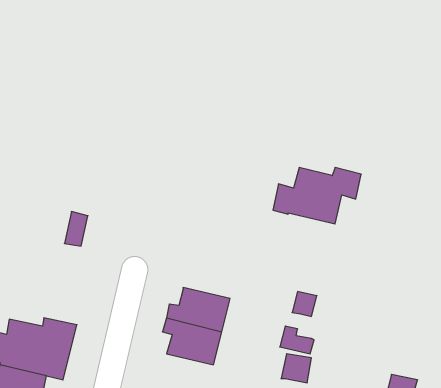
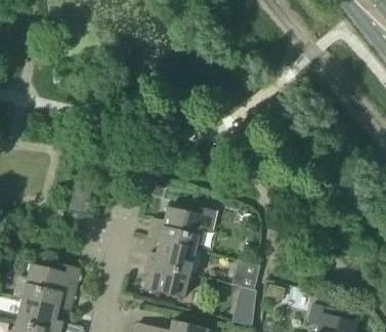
building: [273,167,361,224] -> [148,207,214,249]

